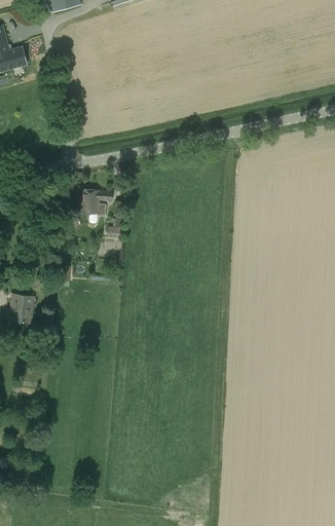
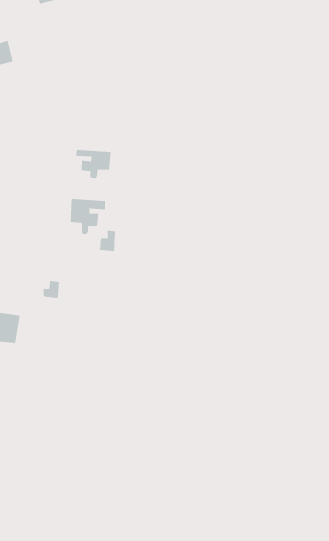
building: none -> [75,149,111,179]

